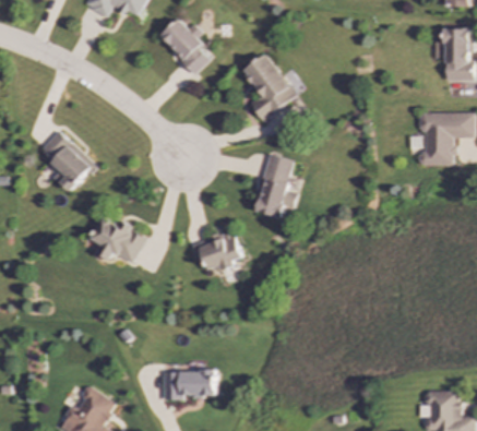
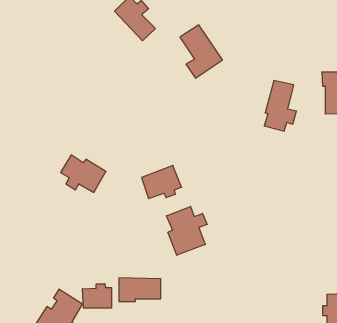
building: [40,130,95,192] -> none
building: [255,154,296,217] -> [264,81,296,131]
building: none -> [167,206,207,255]
building: none -> [83,284,112,308]

